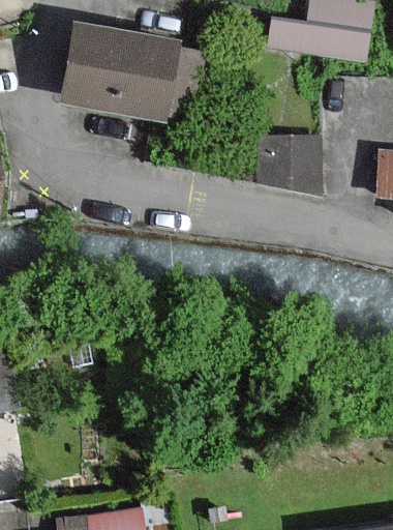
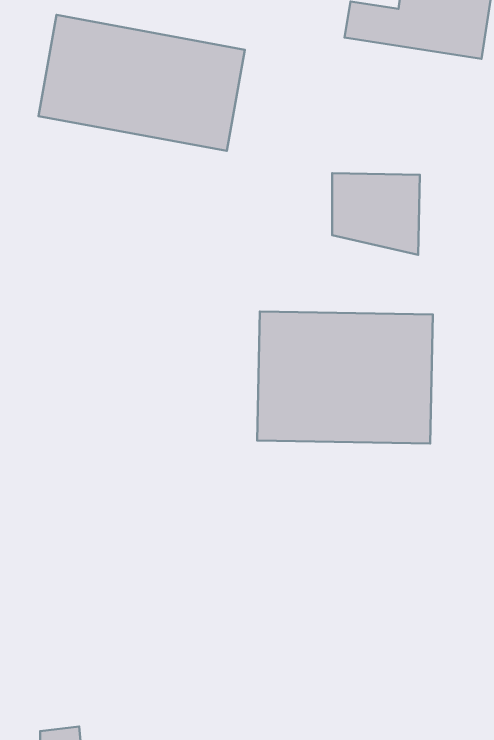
building: none -> [257,312,433,444]

